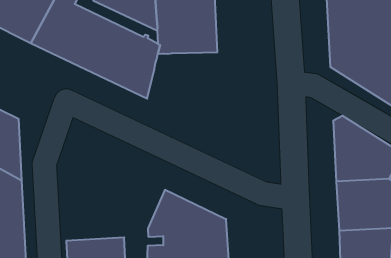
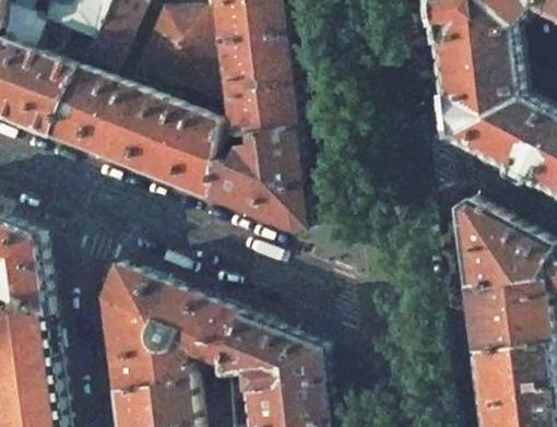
building: none -> [204,127,306,229]
building: none -> [98,263,236,390]

